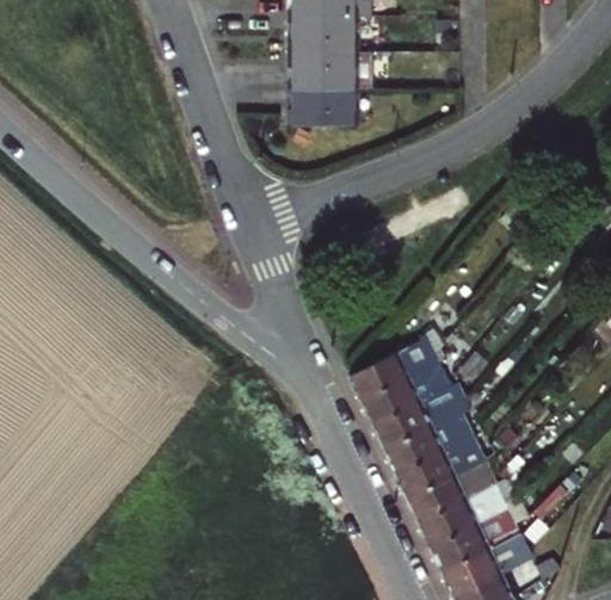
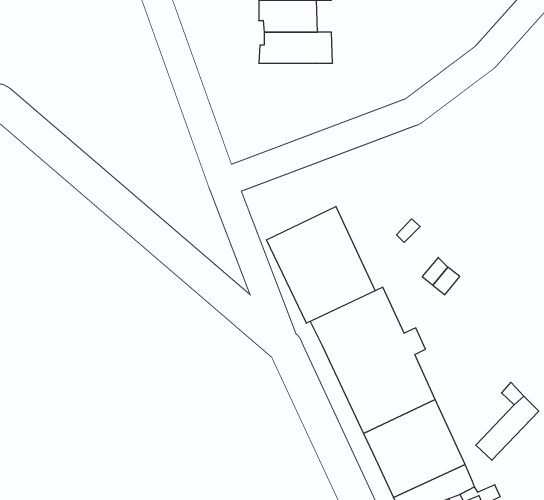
building: [290,86,356,124] -> none
building: none -> [267,206,375,323]

